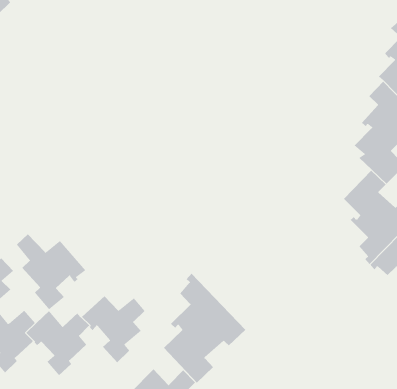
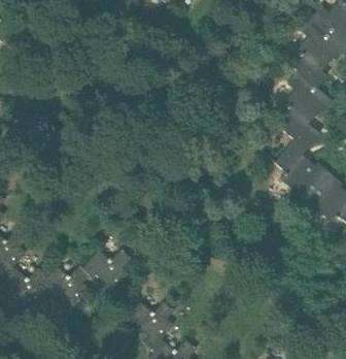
building: [16,234,86,310] -> none
building: [163,273,246,383] -> none

